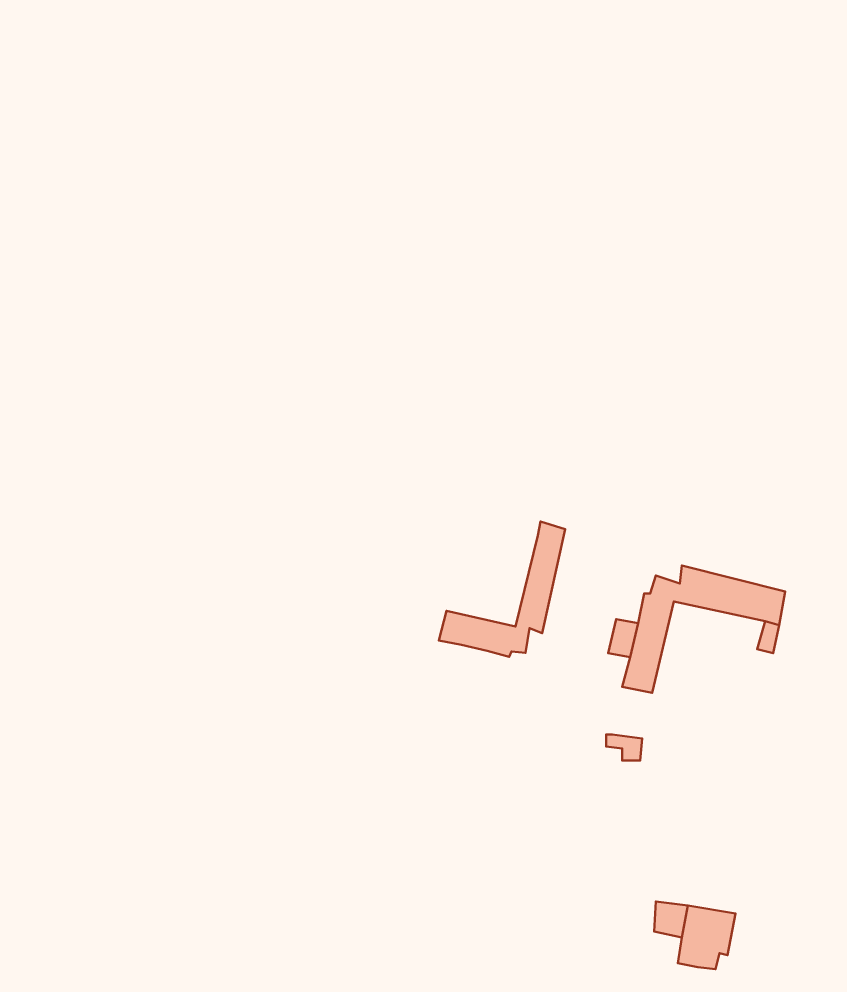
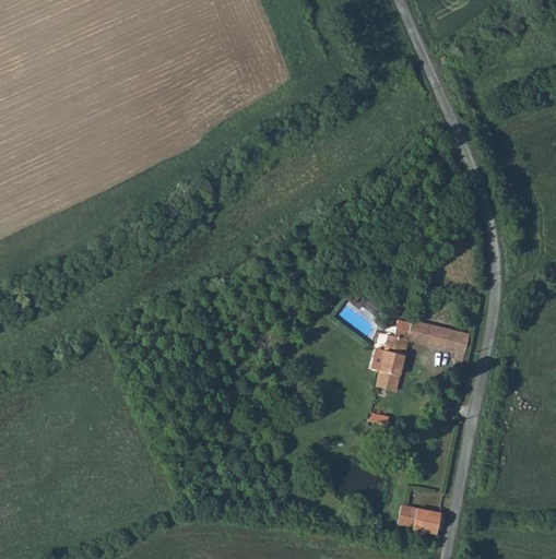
building: [439,521,565,657] -> none

